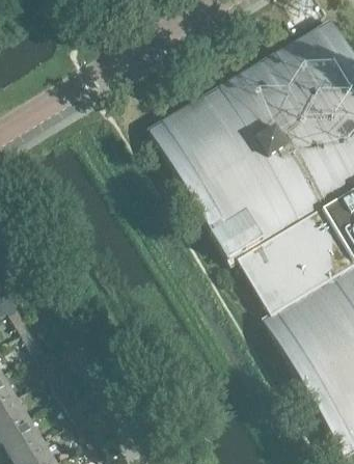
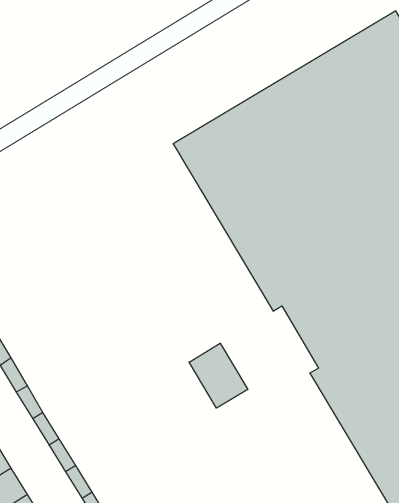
building: none -> [189,343,248,408]

